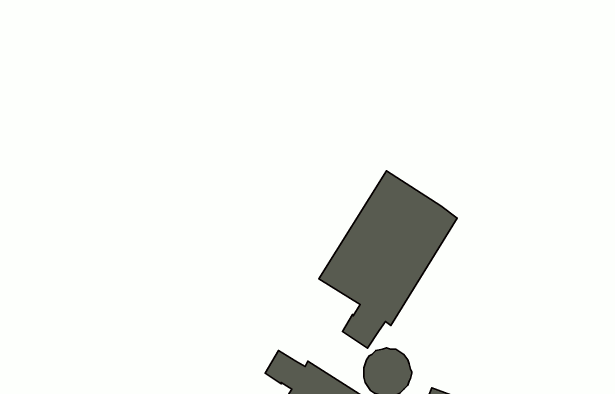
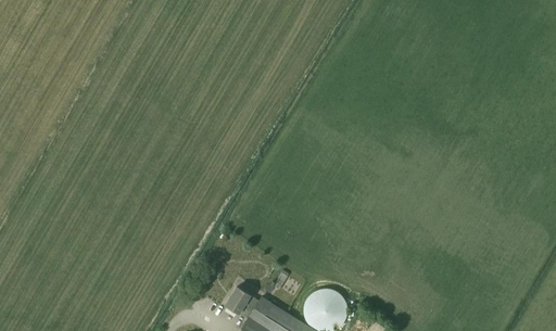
building: [319,171,457,348] -> none

